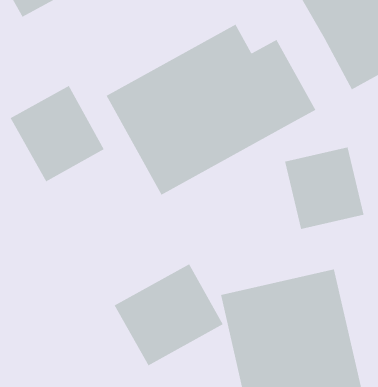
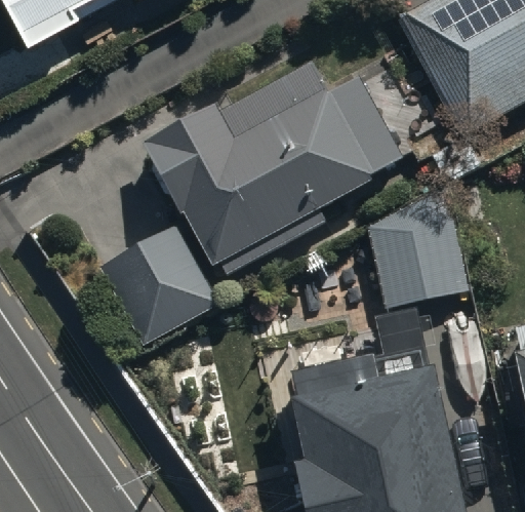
building: [9,85,105,183] -> [99,220,220,344]
building: [114,263,224,366] -> none

